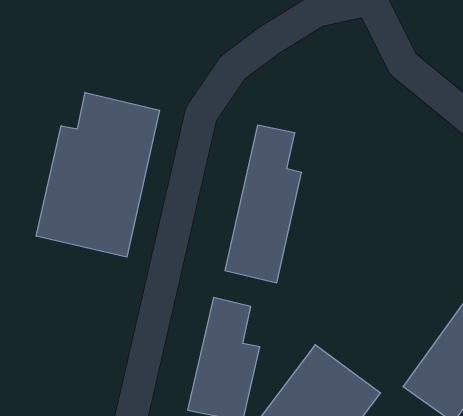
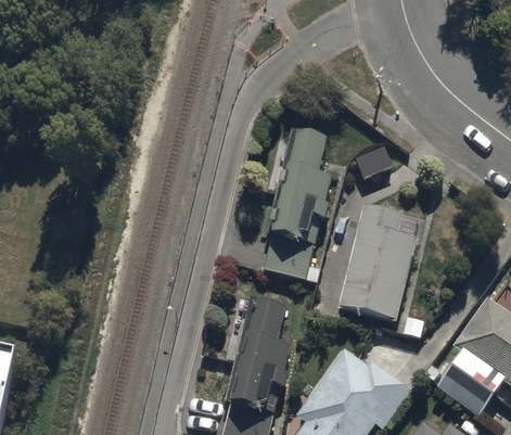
building: [36,92,159,257] -> none
building: none -> [337,204,422,323]

